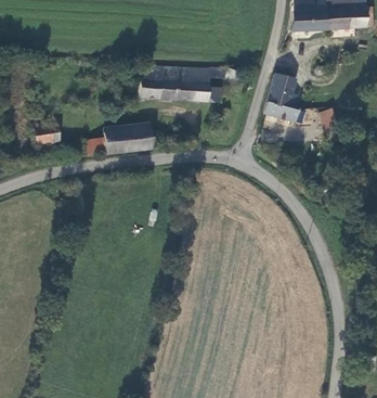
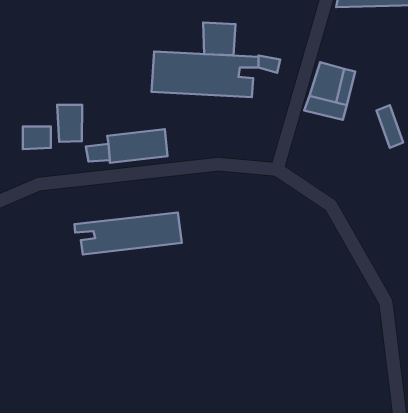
building: none -> [203,22,236,55]
building: none -> [57,105,82,142]
building: none -> [75,212,182,255]

